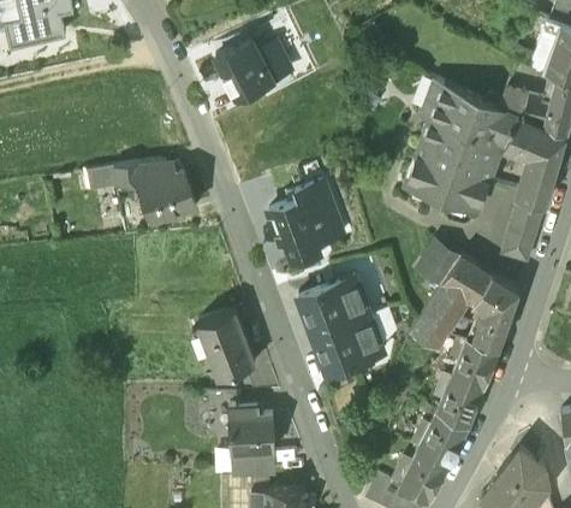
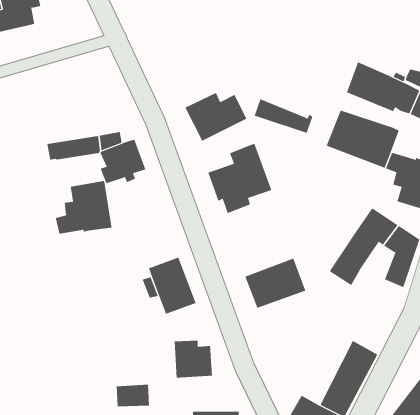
building: [214,40,287,98] -> [185,92,247,142]
building: [423,118,493,159] -> [254,98,313,133]
building: none -> [55,180,112,235]
building: [417,236,460,280] -> none
building: [298,274,369,333] -> none
building: [438,335,498,425] -> none
building: [231,450,270,477] -> [116,384,150,407]

